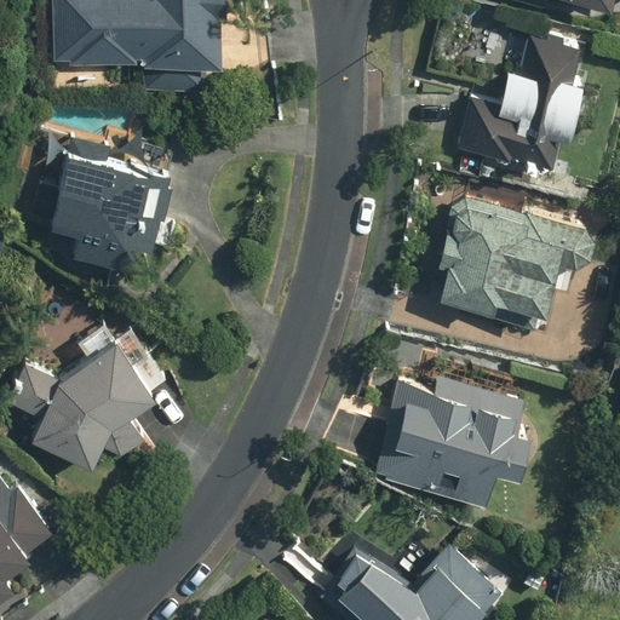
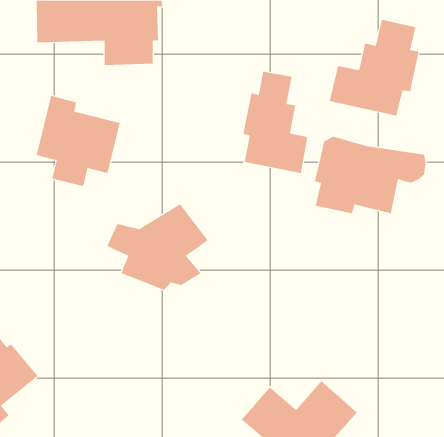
building: none -> [243,71,308,174]
building: [15,345,156,466] -> [106,203,209,291]
building: [375,377,527,504] -> none

